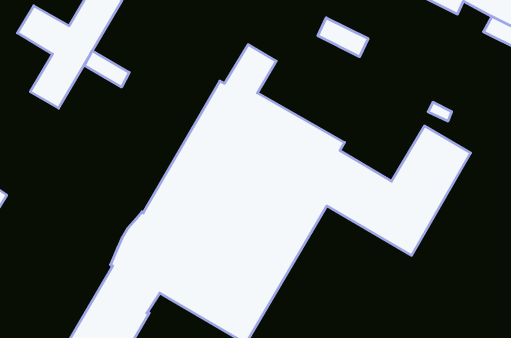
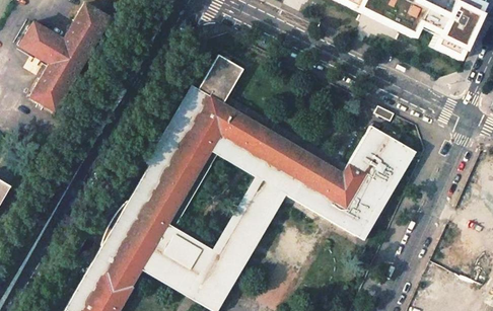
building: [318,18,368,57] -> none
building: [84,51,129,87] -> none

